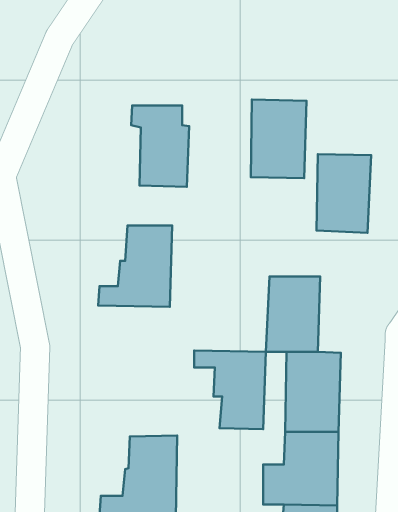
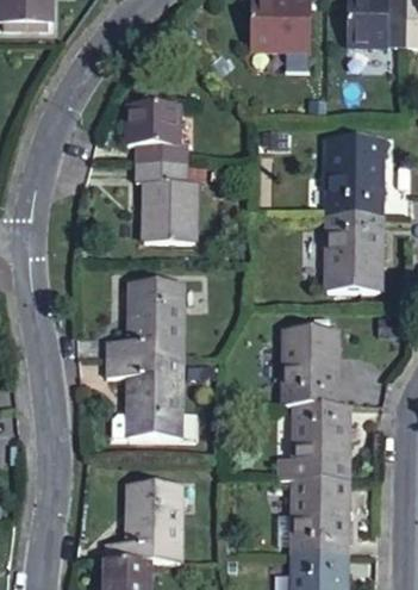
building: none -> [136,101,191,161]
building: [251,99,306,178] -> [324,132,379,210]
building: [194,350,266,429] -> [108,358,179,435]

